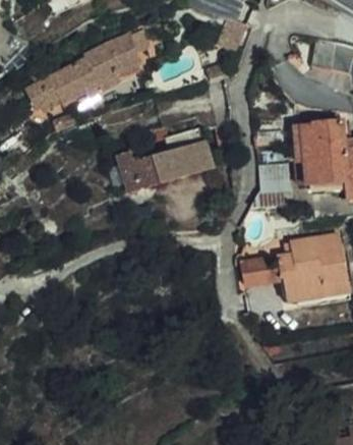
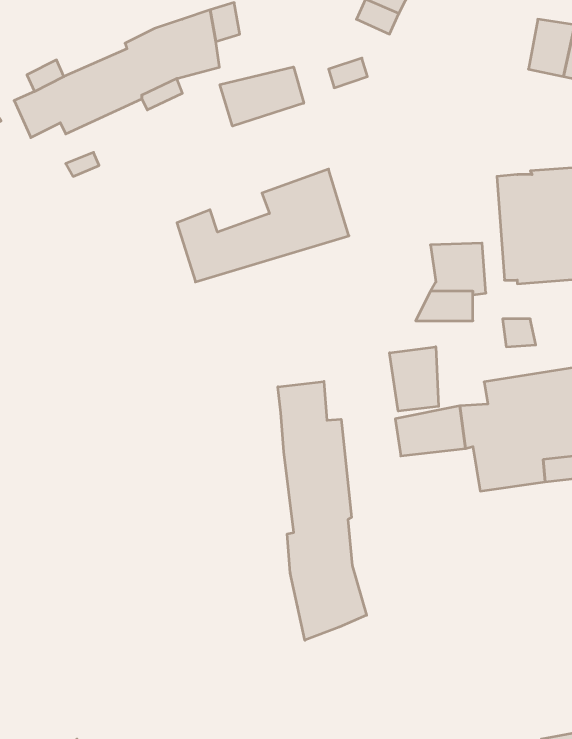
building: none -> [220,67,304,126]
building: none -> [390,347,439,411]
building: none -> [278,381,367,640]

